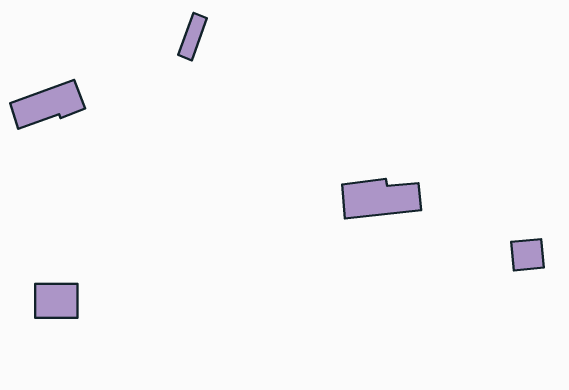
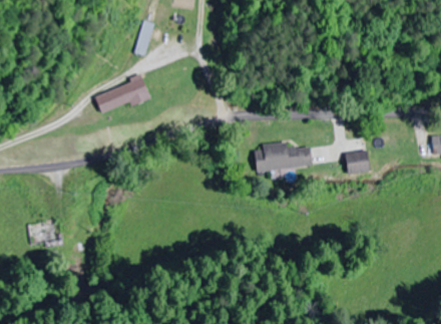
building: [10,80,85,129] -> [95,77,150,113]
building: [511,239,544,270] -> [346,150,370,174]

